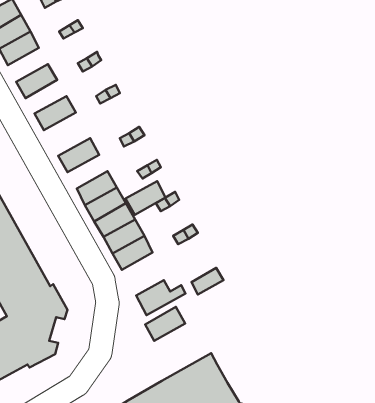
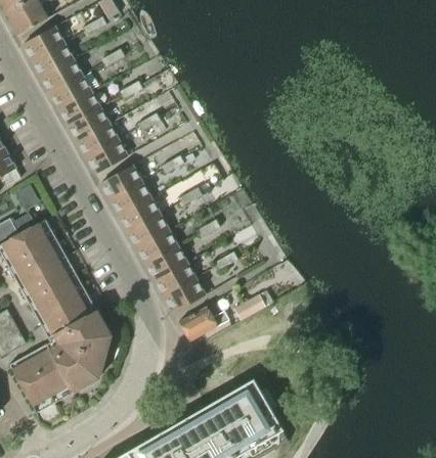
building: none -> [51,75,91,108]
building: none -> [69,106,110,140]
building: none -> [87,139,128,173]
building: [126,181,166,215] -> [111,181,150,215]
building: [145,307,185,341] -> [165,278,205,312]

